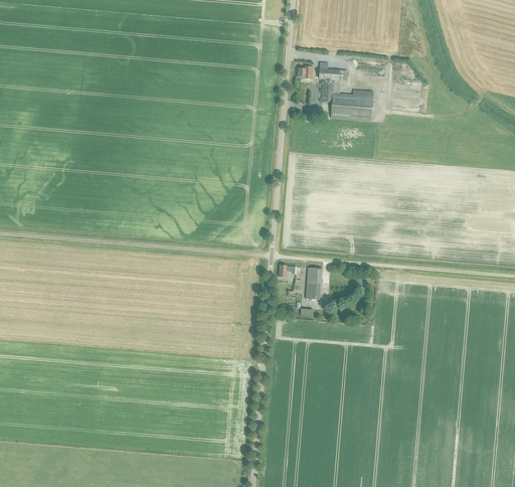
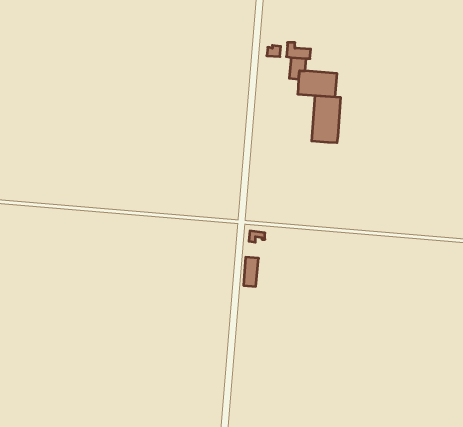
building: none -> [312,96,340,143]
building: [306,267,322,298] -> [244,257,259,286]

